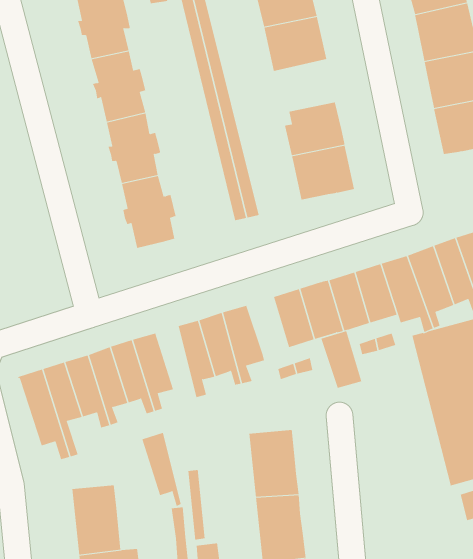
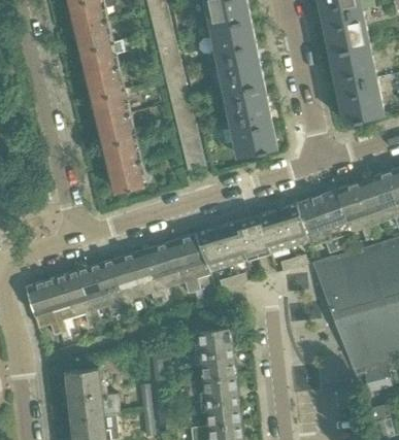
building: none -> [215,52,262,91]
building: [321,330,362,388] -> [196,229,227,272]
building: [141,432,182,507] -> [128,250,158,306]

